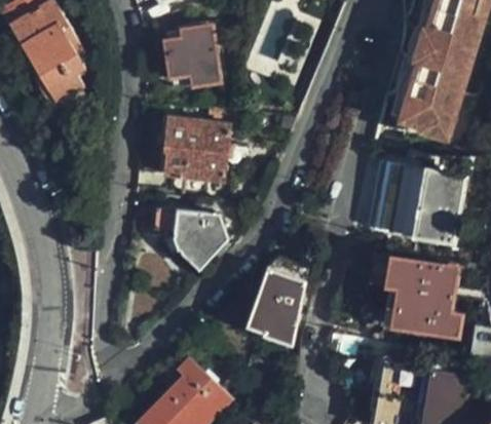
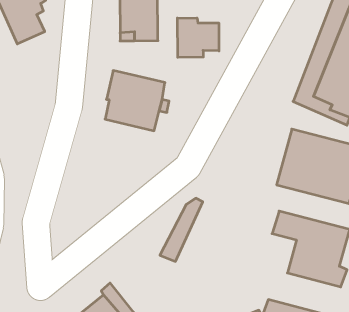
building: none -> [177,18,219,57]
building: [159,209,228,270] -> none
building: [265,259,310,343] -> none

